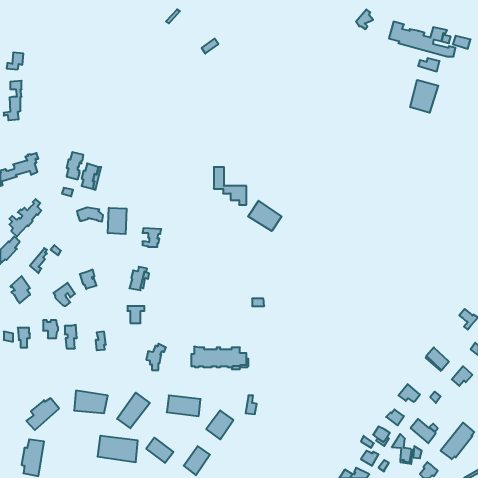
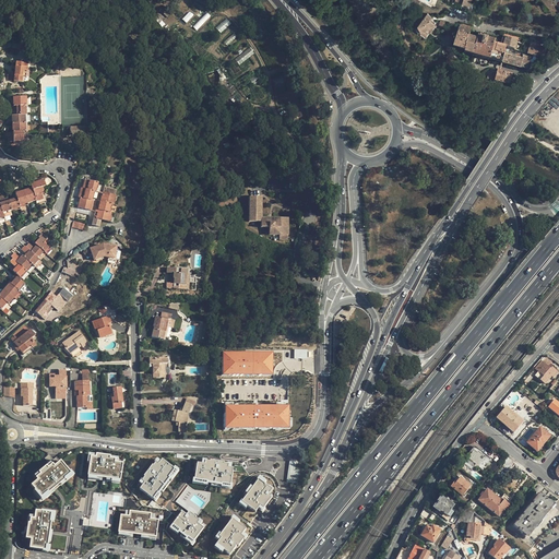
building: [410,80,438,113] -> none
building: [248,201,282,231] -> none
building: [108,208,127,234] -> none
building: none -> [223,350,274,374]

